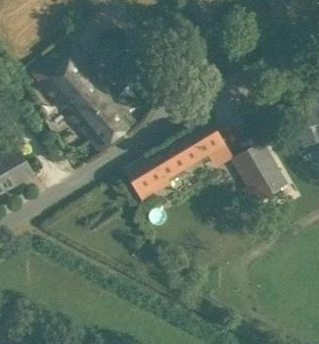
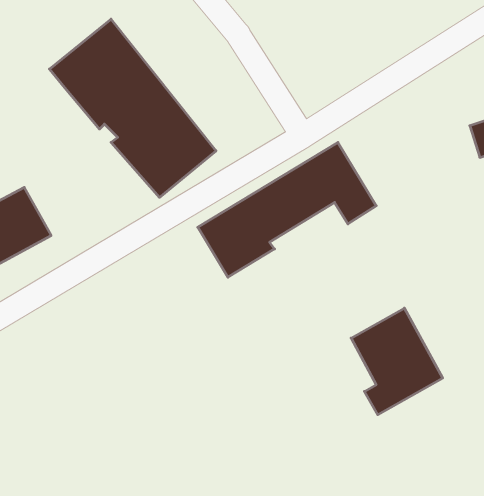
building: [232,139,288,204] -> [351,308,443,415]

